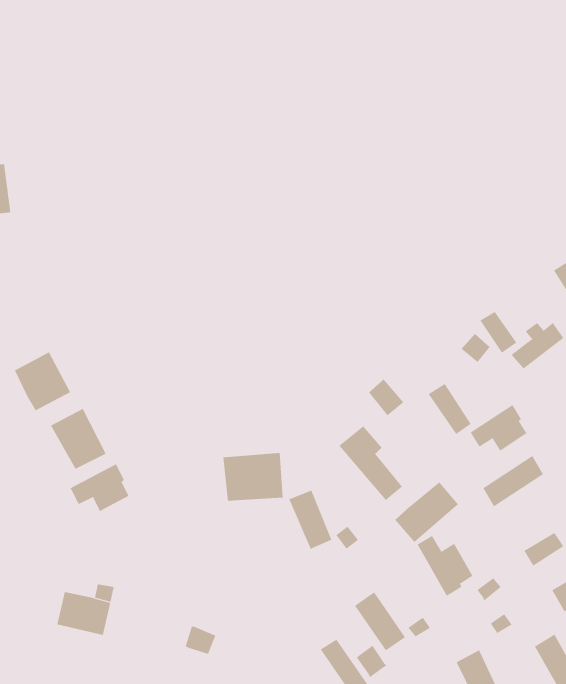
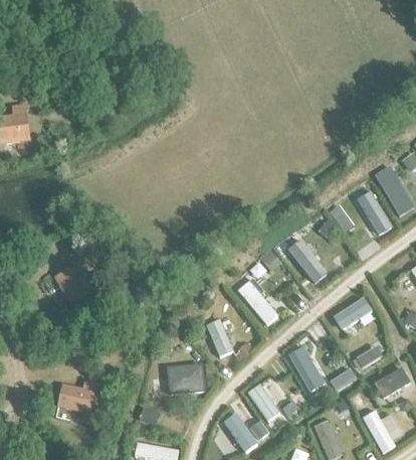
building: [14,352,71,411] -> none
building: [470,404,527,451] -> none
building: [223,452,284,501] -> [167,363,206,395]
building: [70,464,129,512] -> none
building: [394,482,459,543] -> none

